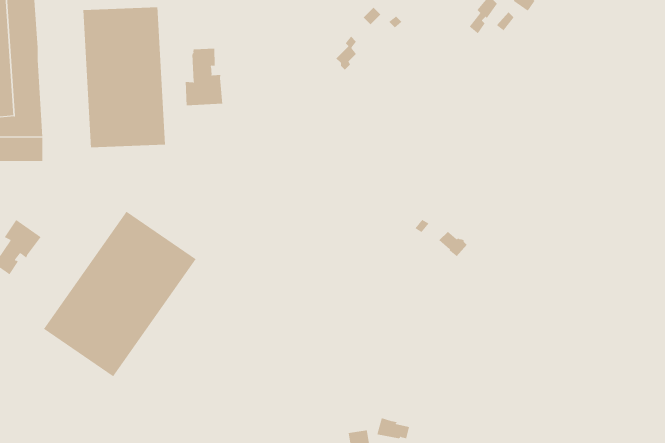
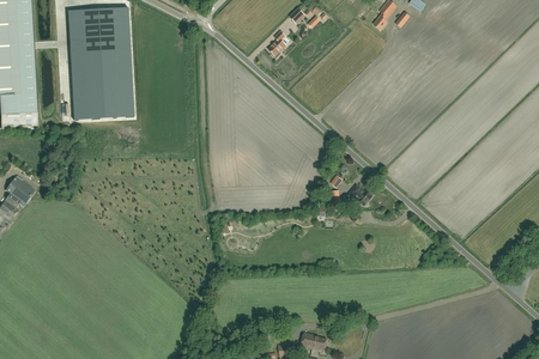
building: [185,48,223,106] -> none
building: [43,211,197,377] -> none

